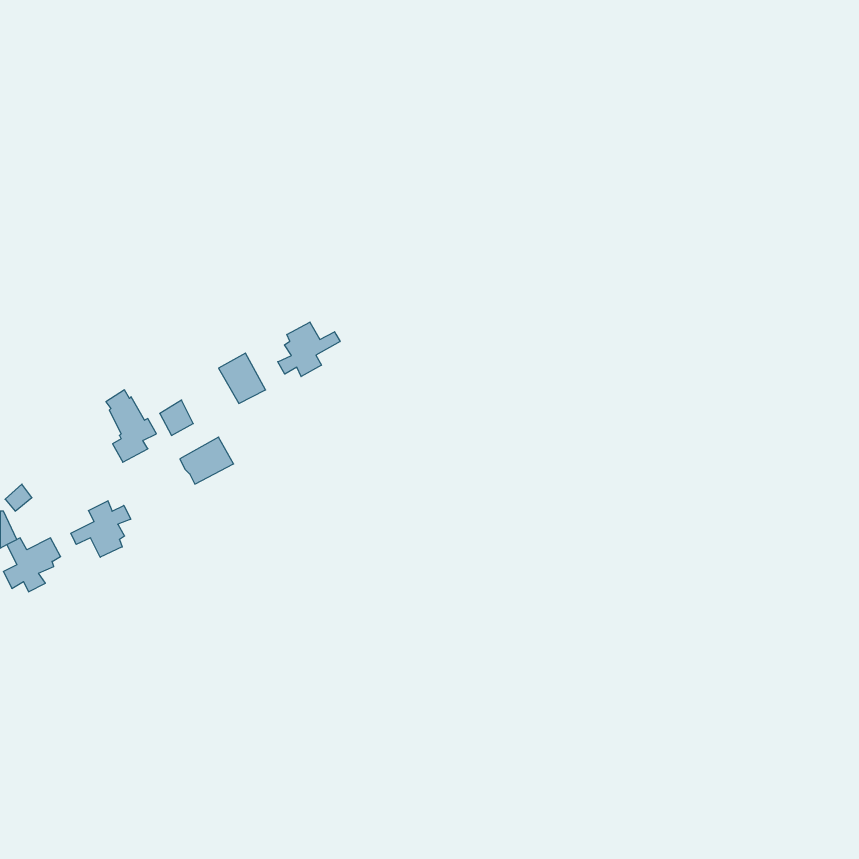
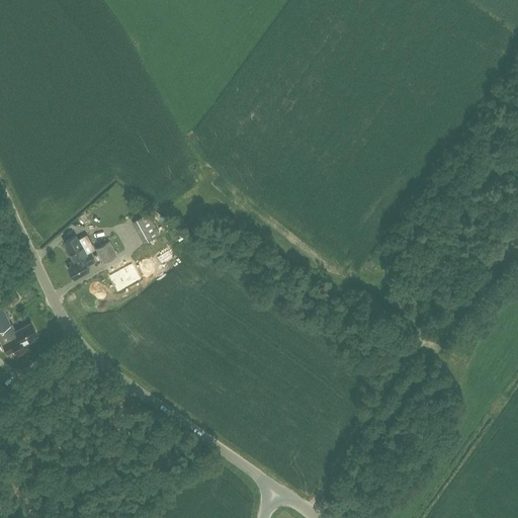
building: [278,322,340,377] -> none
building: [71,501,131,557] -> none

